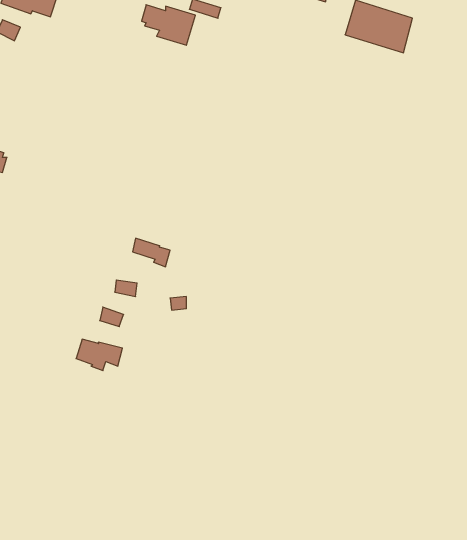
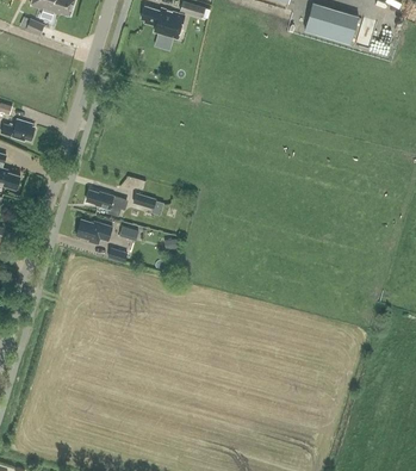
building: none -> [85,190,128,216]
building: [76,339,122,371] -> [75,219,112,244]

